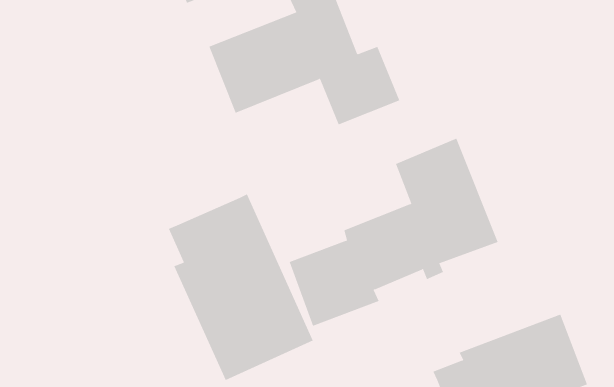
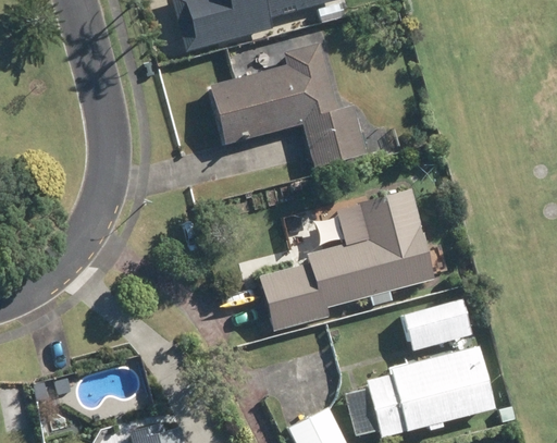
building: [168,194,313,381] -> none
building: none -> [404,298,472,349]

